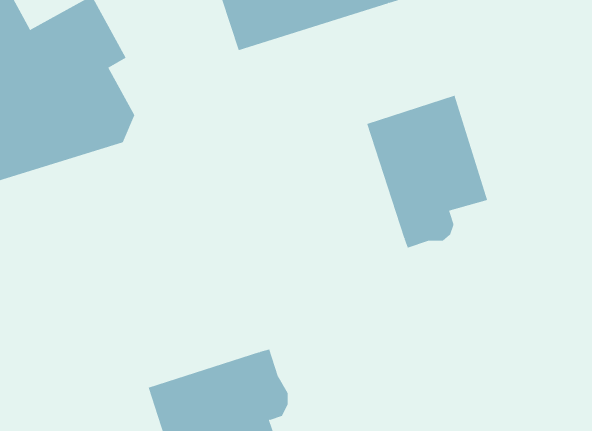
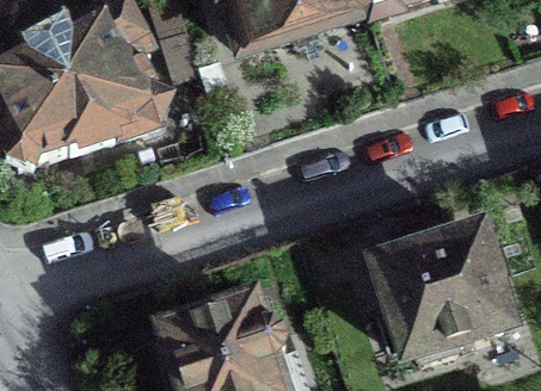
building: [367,95,488,248] -> none
building: none -> [379,222,511,360]

